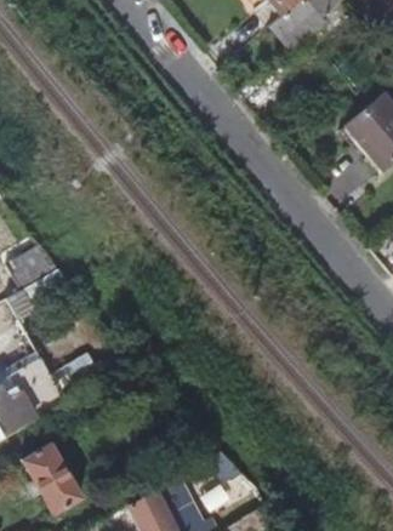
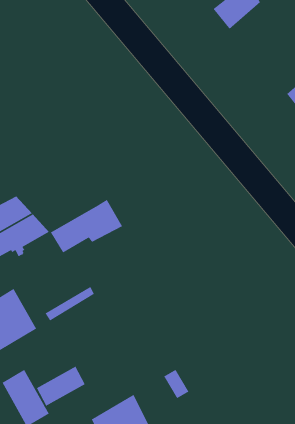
building: none -> [50,199,123,253]
building: none -> [36,366,86,407]

